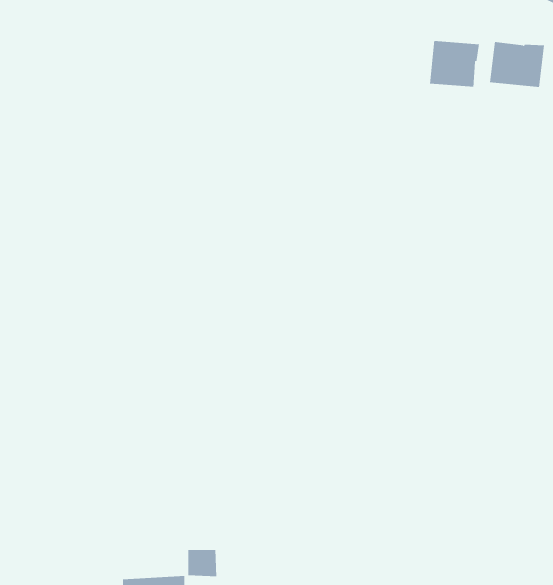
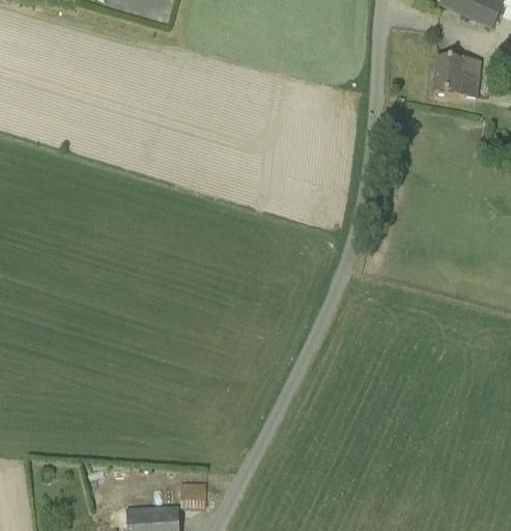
building: [430,40,480,88] -> none

